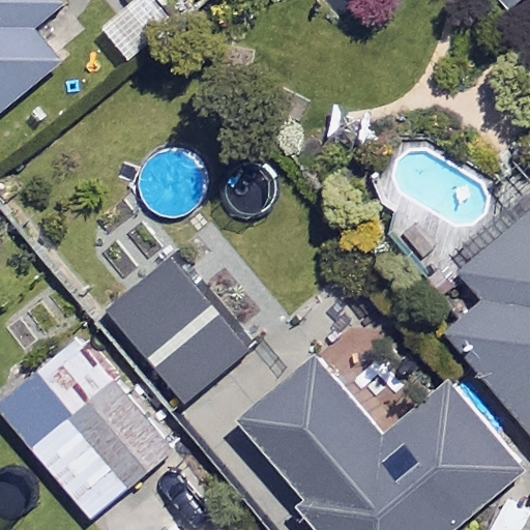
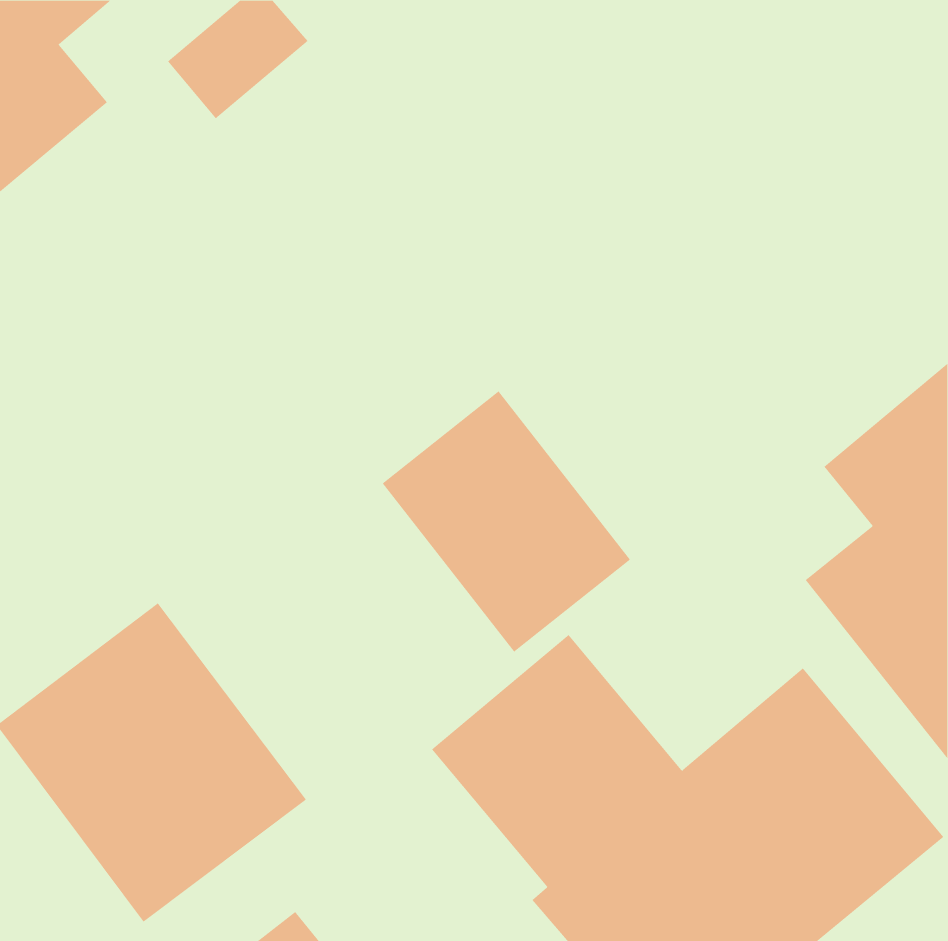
building: [111,258,249,404] -> [382,390,631,653]

